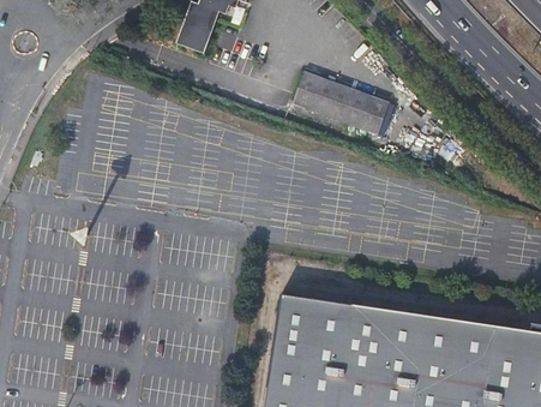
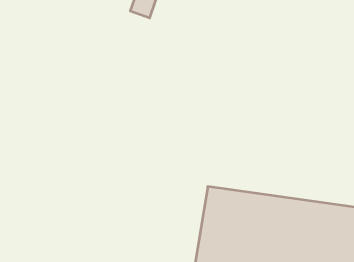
building: [295,74,391,137] -> none

